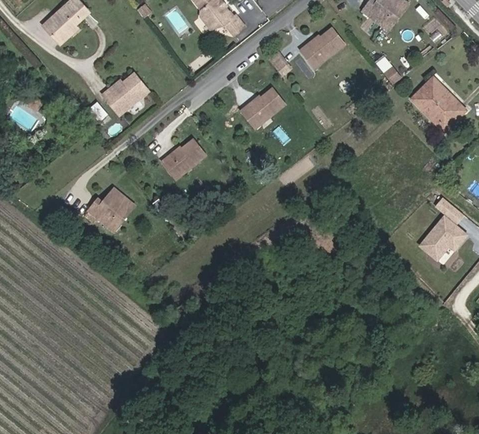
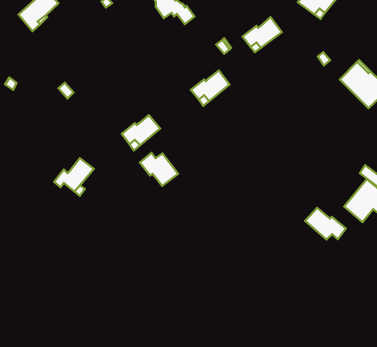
building: [102,72,148,114] -> none
building: none -> [140,153,178,186]
building: none -> [305,208,346,239]

